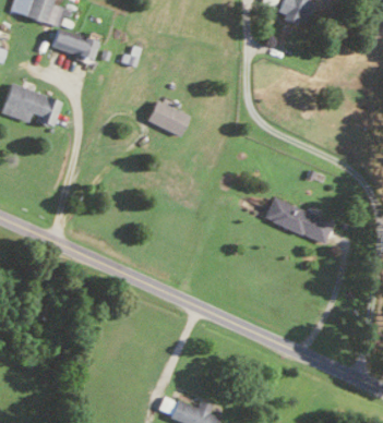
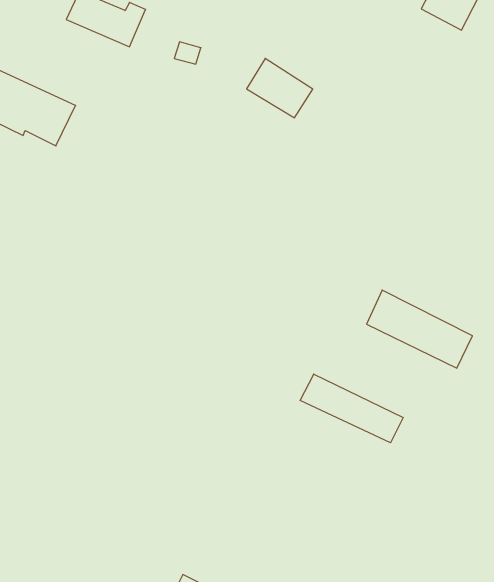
building: [147,99,190,135] -> [247,58,313,118]
building: none -> [300,374,403,443]

